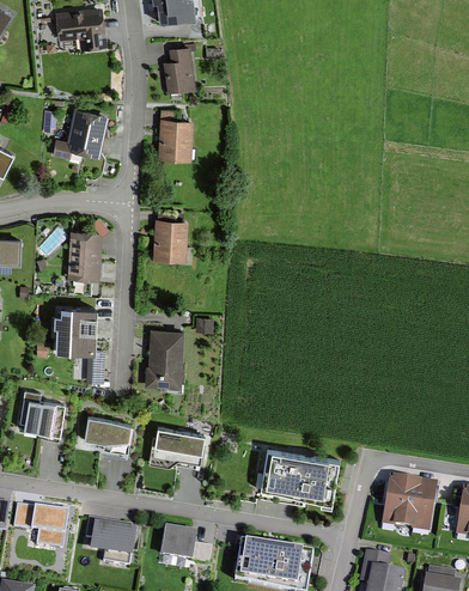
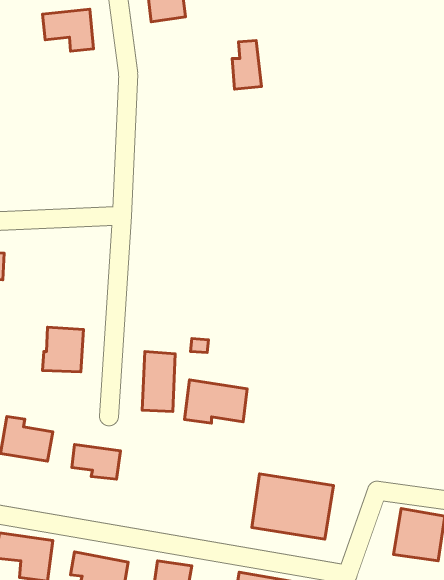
building: [166,48,194,93] -> [232,41,261,89]
building: [54,111,105,158] -> none
building: [160,111,193,157] -> none
building: [156,221,188,261] -> none
building: [69,233,100,280] -> none
building: [151,425,209,465] -> [185,380,247,423]

